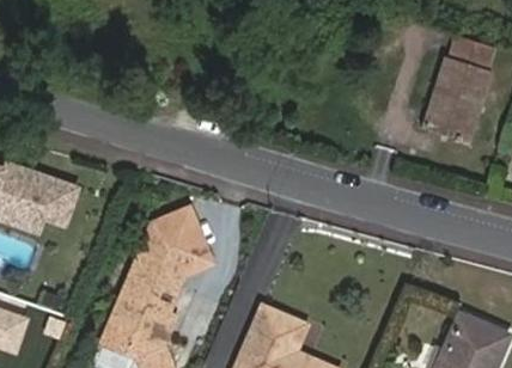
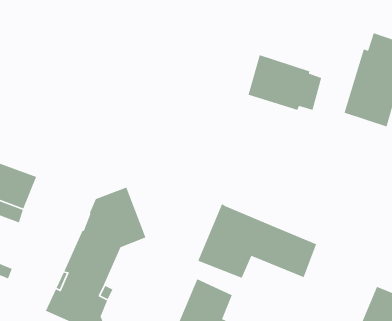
building: none -> [247,54,322,111]
building: none -> [197,203,317,279]

